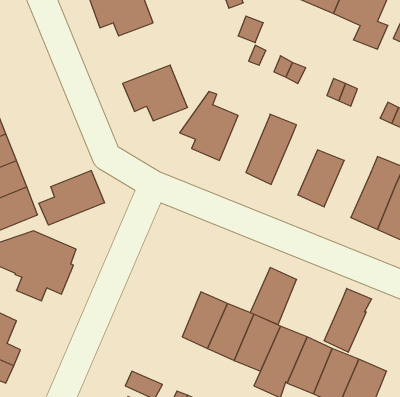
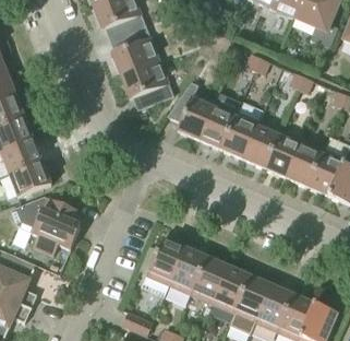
building: none -> [111,25,159,75]
building: none -> [200,93,241,149]
building: none -> [242,120,280,167]
building: none -> [286,139,324,186]
building: [39,170,105,225] -> none
building: [250,268,297,325] -> [146,237,184,284]
building: [324,288,372,352] -> none

